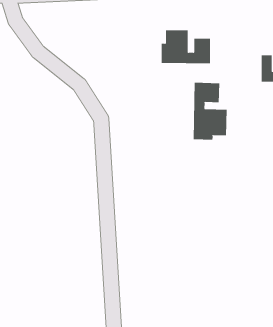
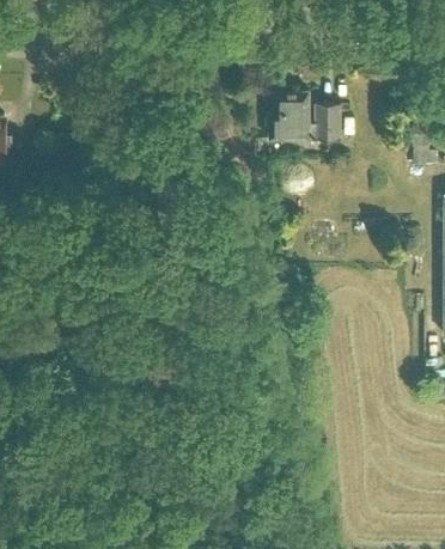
building: [193,82,227,141] -> none

